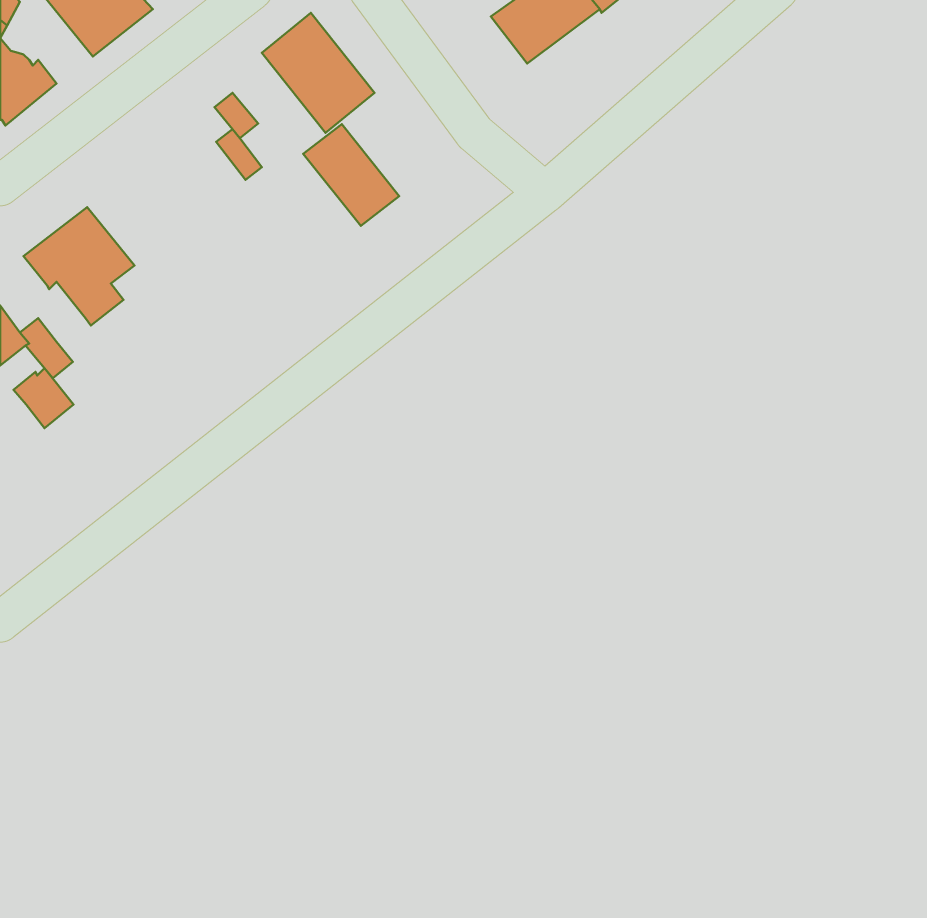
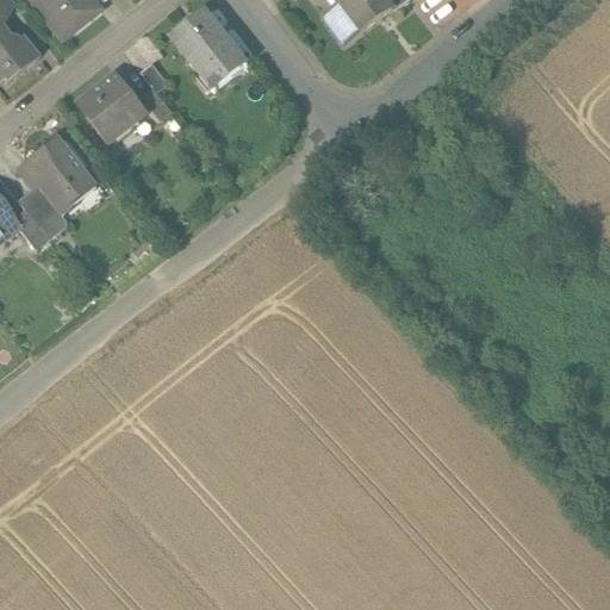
building: none -> [79,71,148,142]
building: [303,124,399,226] -> none
building: [14,368,74,428] -> [18,185,57,224]

